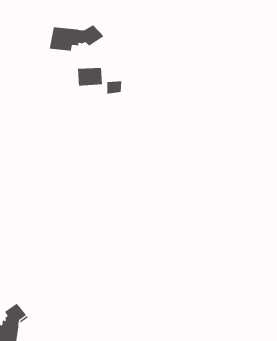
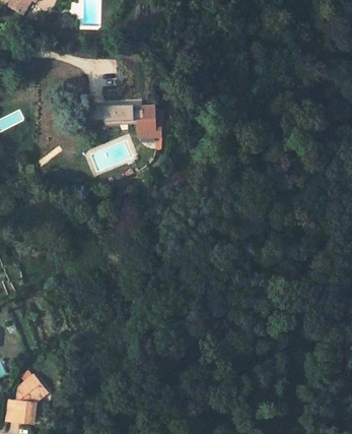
building: [49,24,104,51] -> none

